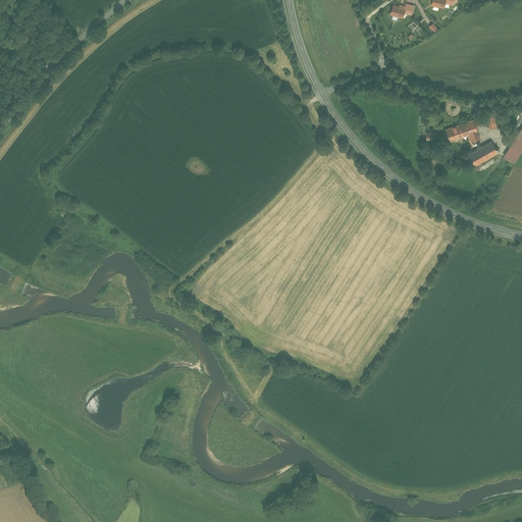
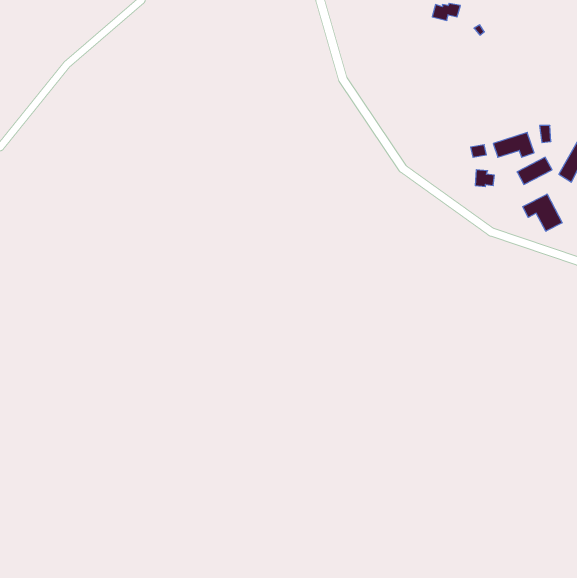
building: none -> [523,194,562,231]

